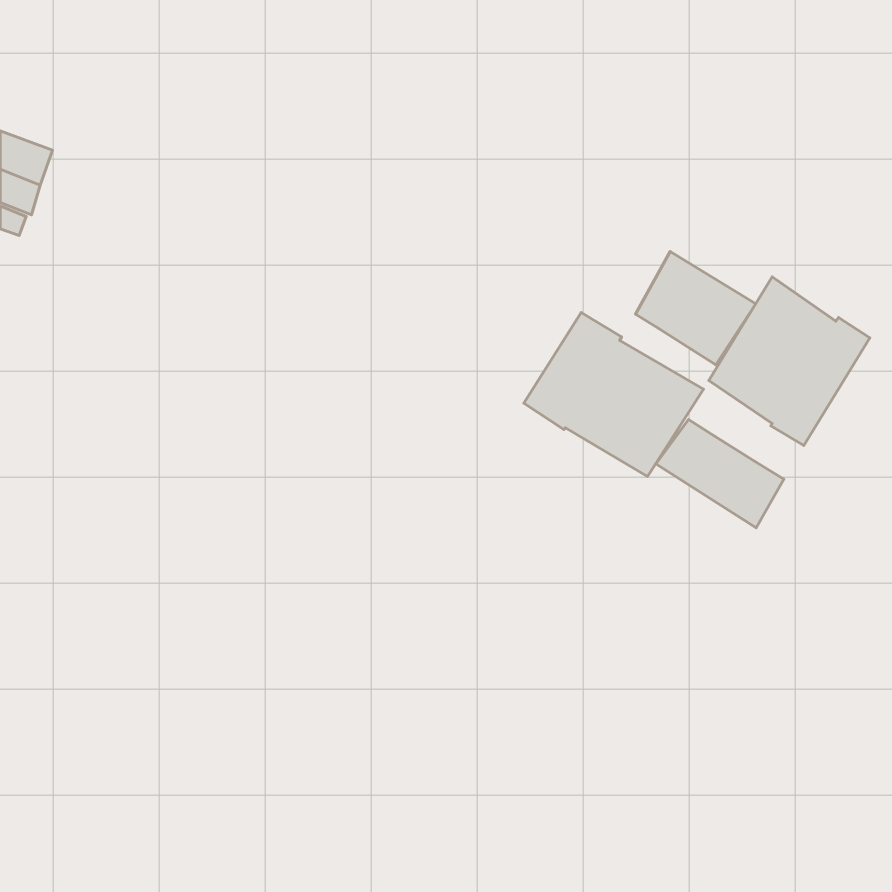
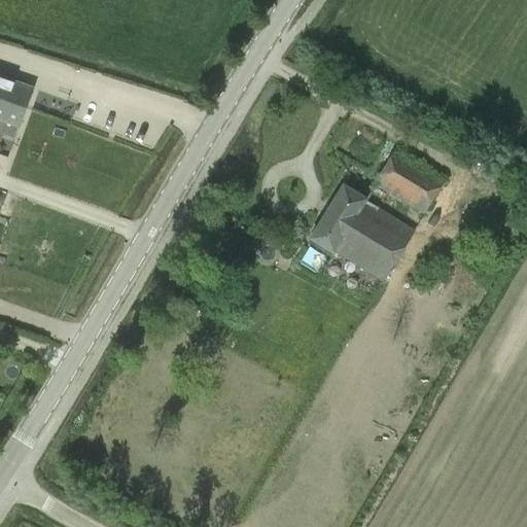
building: [709,277,870,446] -> none
building: [656,419,784,528] -> none

